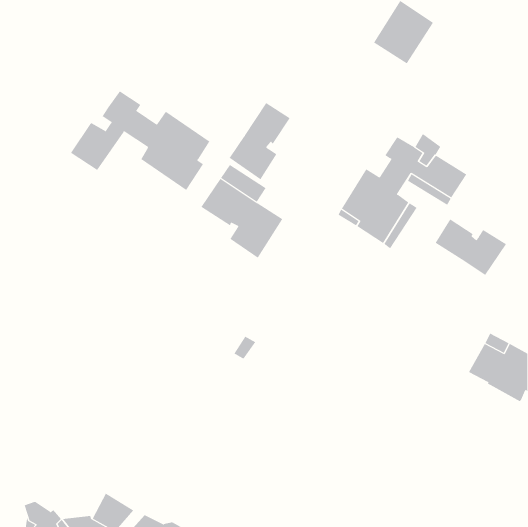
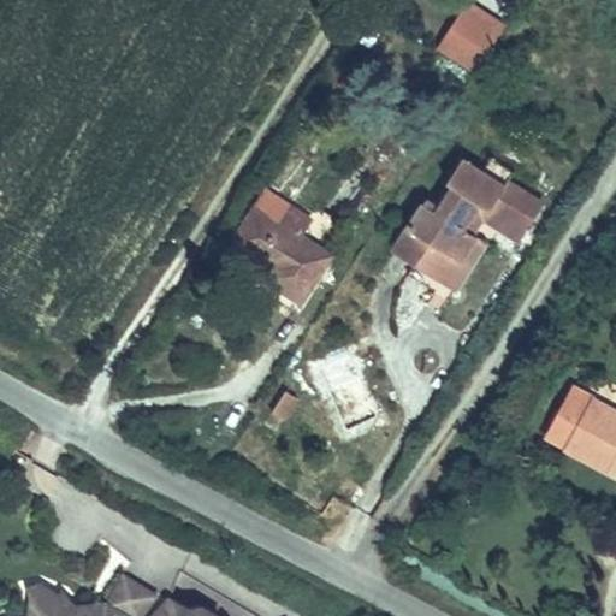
building: [70,91,210,191] -> none
building: [229,102,291,180] -> none
building: [435,218,507,276] -> none

